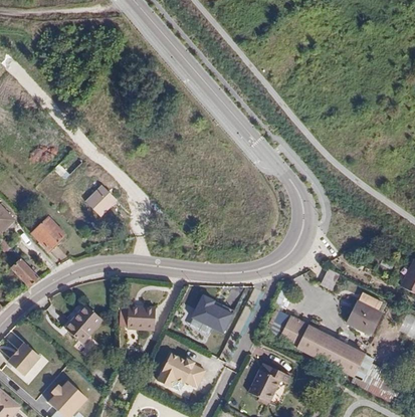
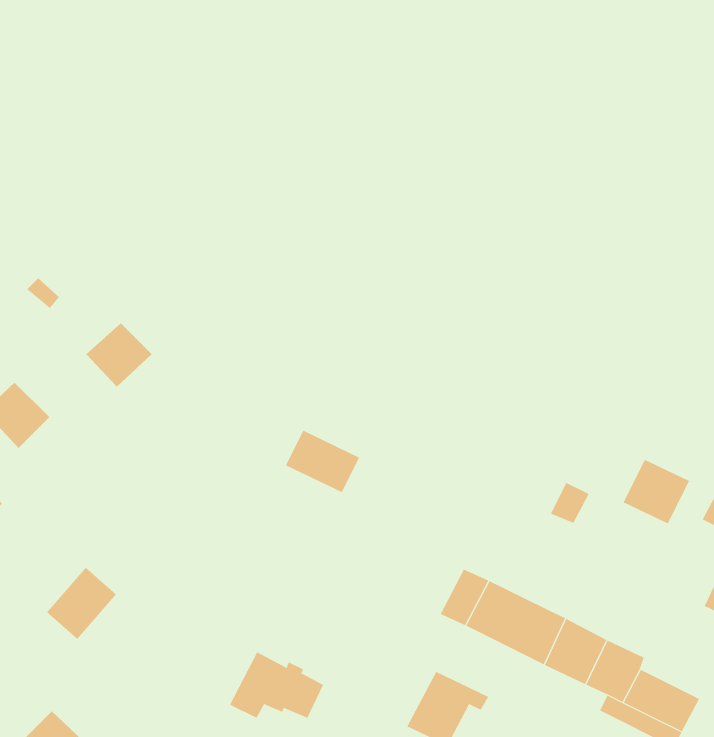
building: [194,297,232,330] -> [285,430,360,493]
building: [343,299,377,333] -> [623,459,690,524]
building: [125,302,154,334] -> none

